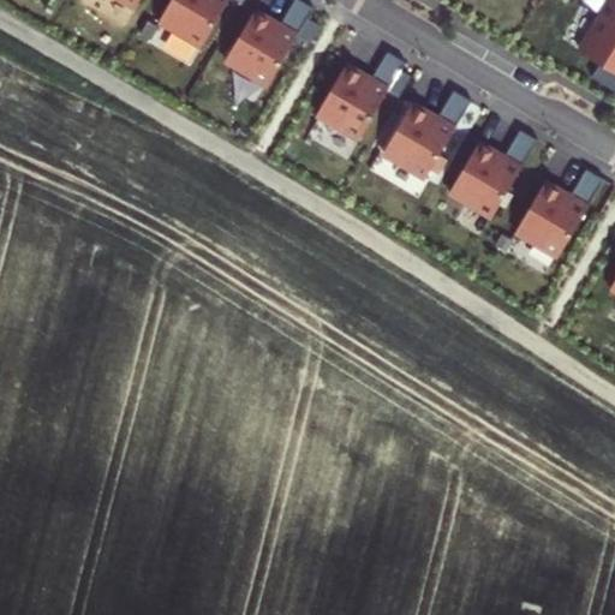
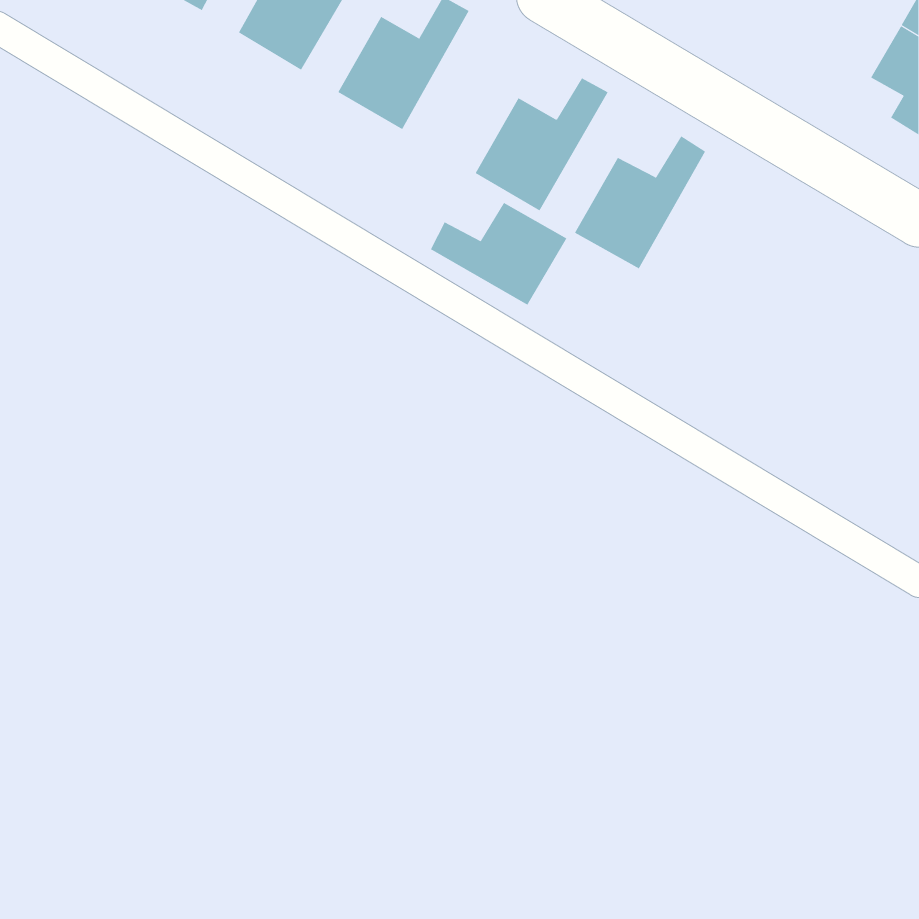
building: [448,130,537,219] -> none
building: none -> [430,202,567,306]
building: [515,168,603,258] -> none

